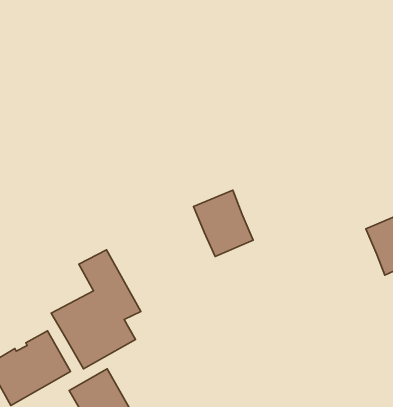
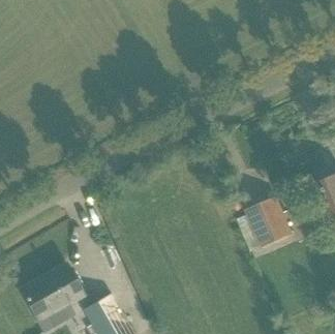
building: [193,190,253,257] -> [245,196,291,247]
building: [51,250,141,369] -> none

